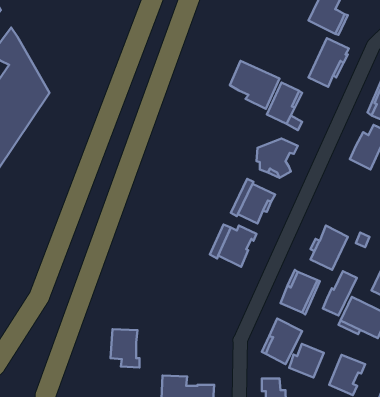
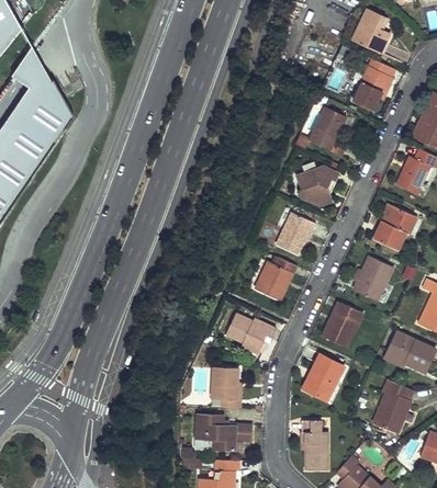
building: [230,61,279,109] -> none
building: none -> [372,206,416,251]
building: [323,271,357,316] -> none
building: none -> [226,311,277,352]
building: [110,329,139,367] -> [211,366,242,407]
building: [289,344,324,378] -> none

